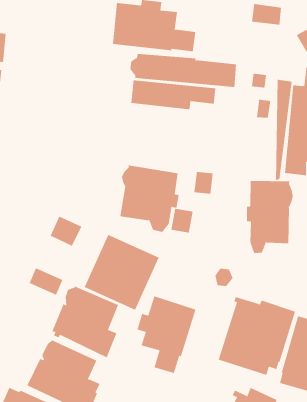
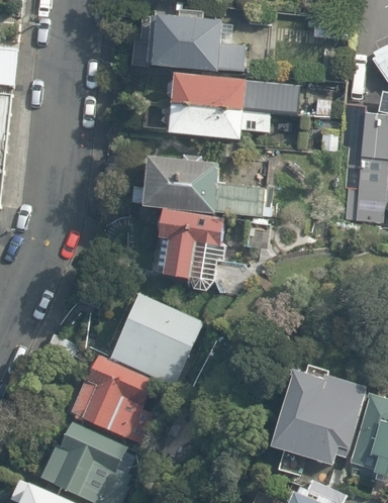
building: none -> [132,155,272,217]
building: [246,180,293,254] -> none
building: [137,296,196,374] -> none

